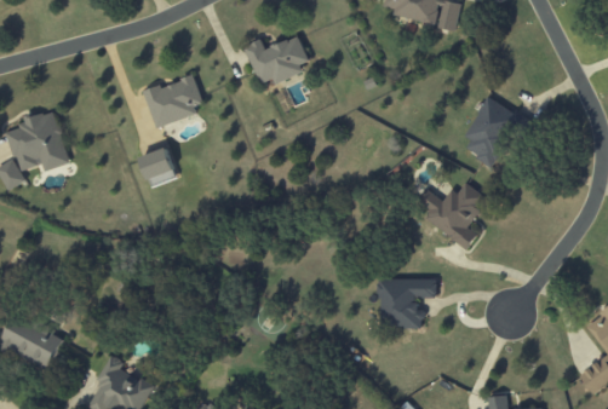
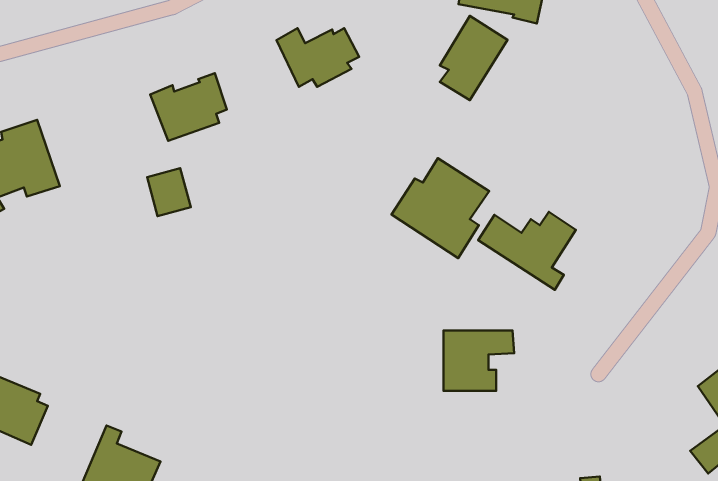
building: [464,96,518,163] -> [440,16,508,100]
building: none -> [392,158,489,258]

